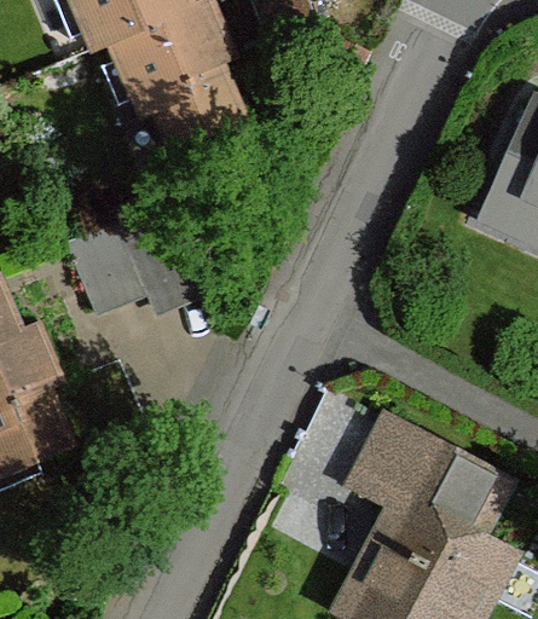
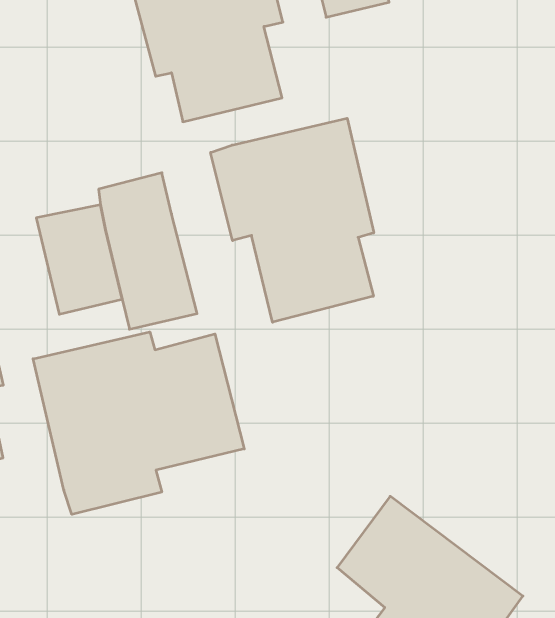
building: none -> [211,118,374,322]
building: none -> [33,332,244,514]

